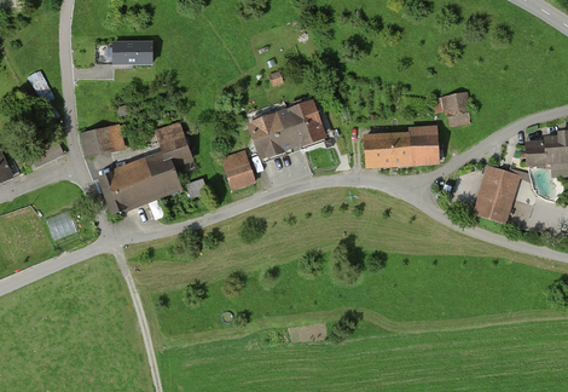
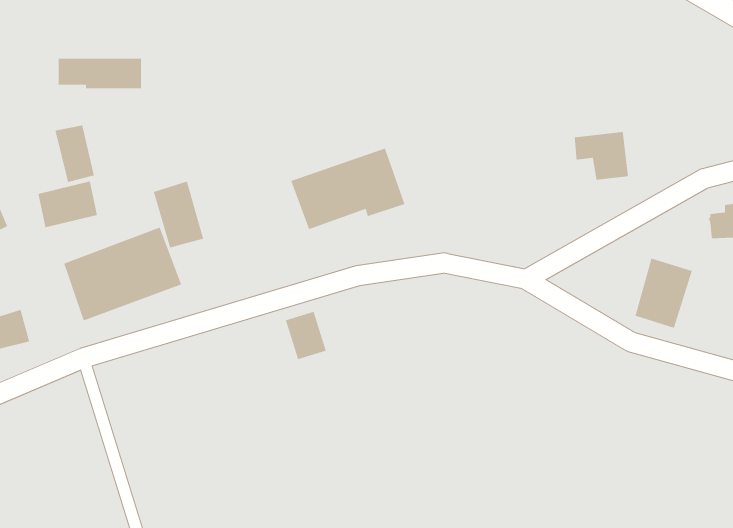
building: none -> [55,124,95,183]
building: [363,133,441,169] -> none
building: [224,151,251,184] -> [285,311,327,360]

